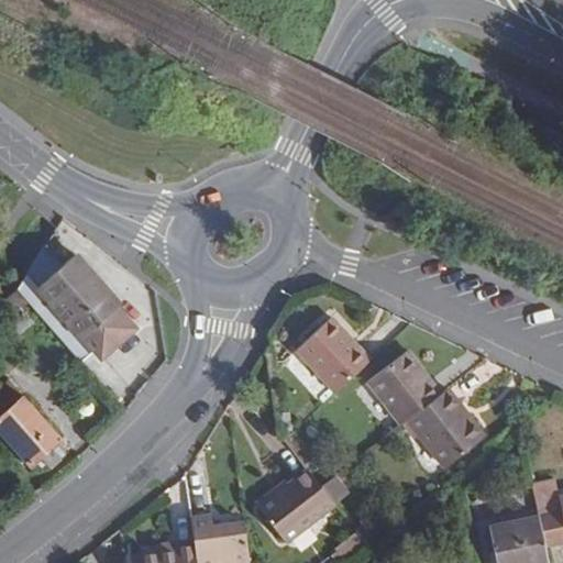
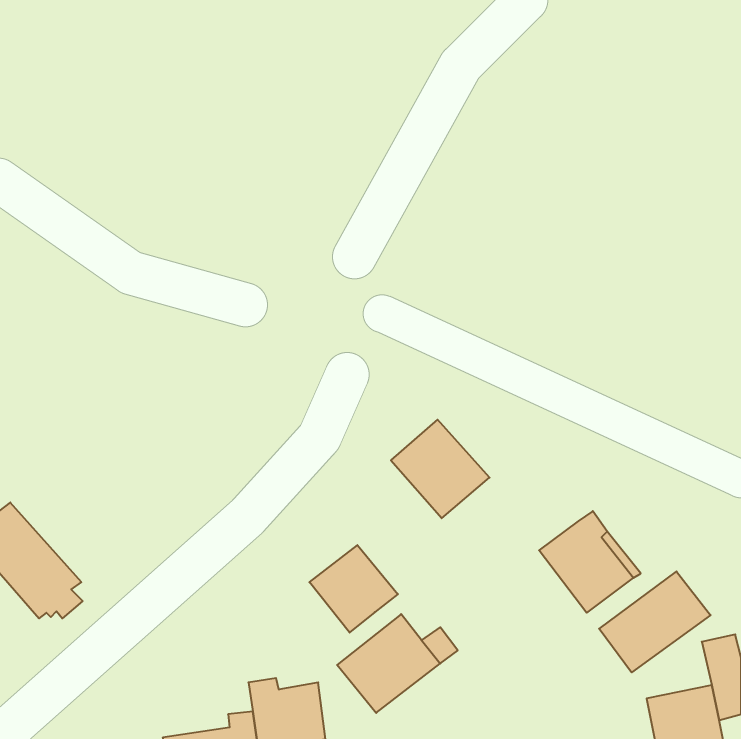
building: [35,247,137,355] -> none
building: [368,351,438,424] -> none
building: none -> [309,545,398,633]
building: none -> [599,571,711,672]

